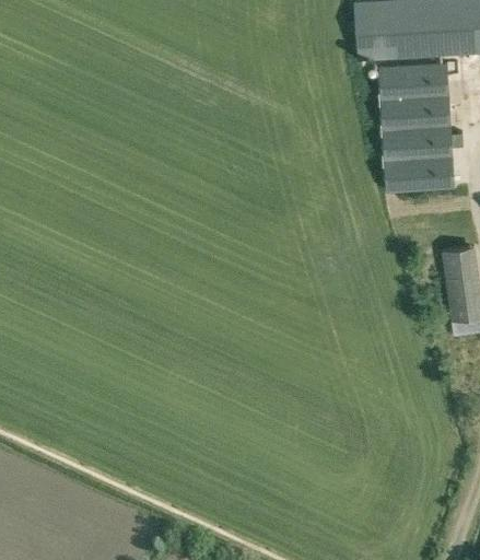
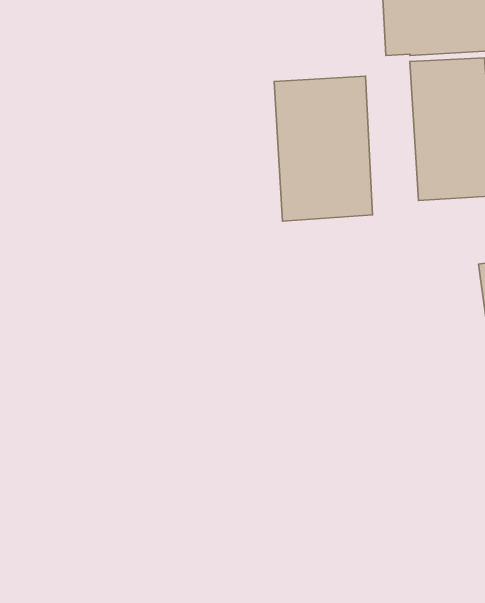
building: none -> [274,76,372,221]

